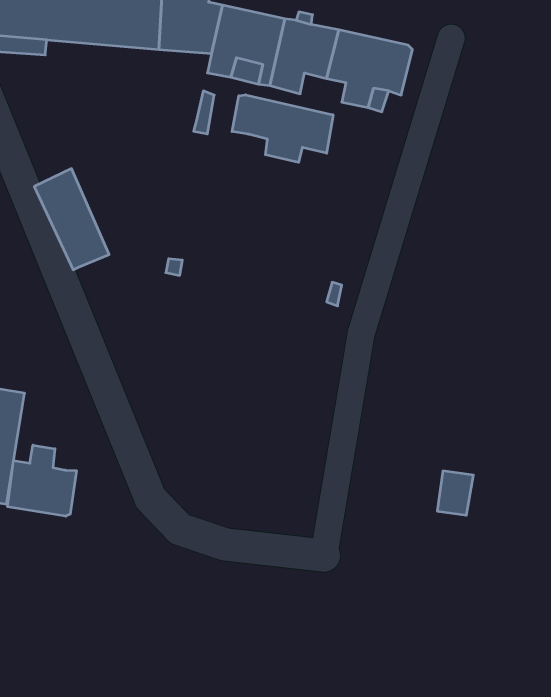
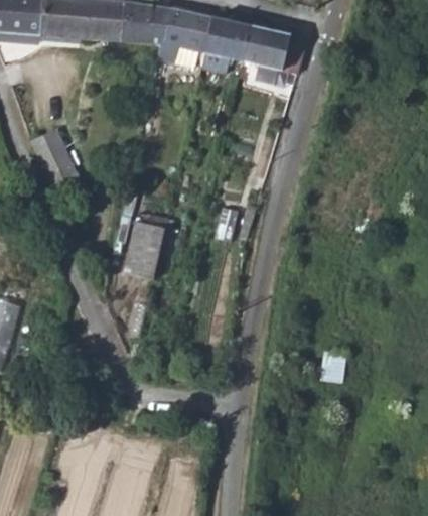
building: [232,95,333,162] -> none
building: none -> [123,221,163,277]
building: [8,445,76,516] -> none

